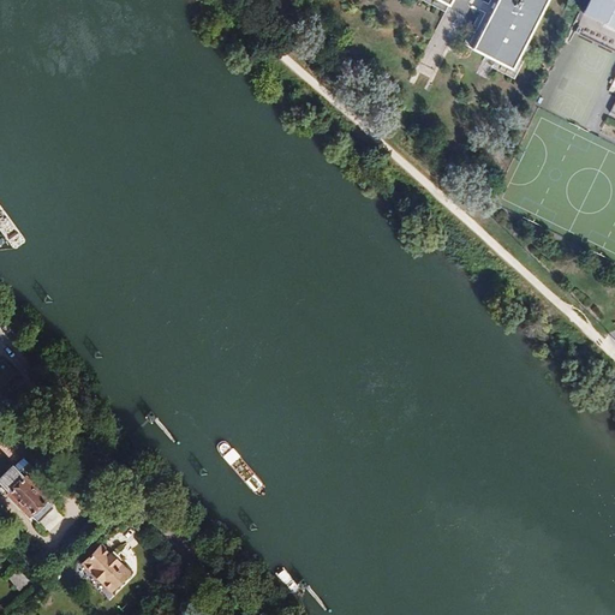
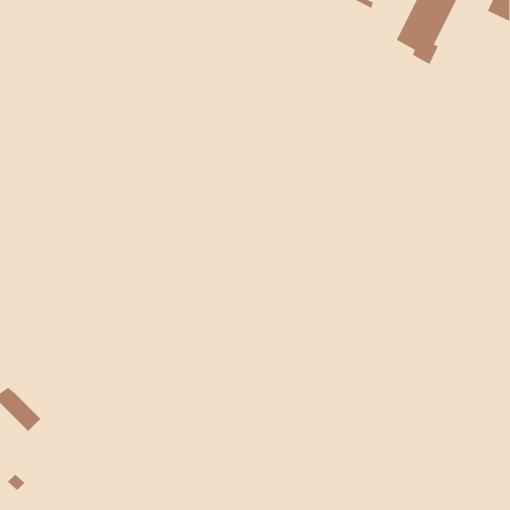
building: [79,542,125,590] -> none

